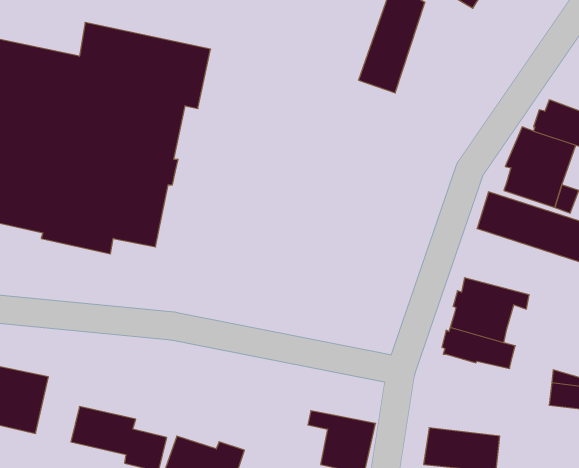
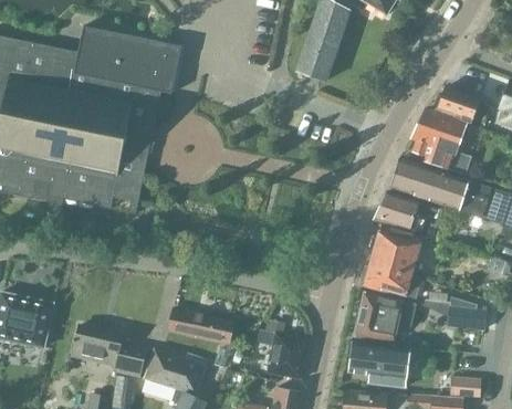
building: none -> [373,191,424,233]
building: none -> [354,292,416,342]
building: none -> [168,307,233,344]

